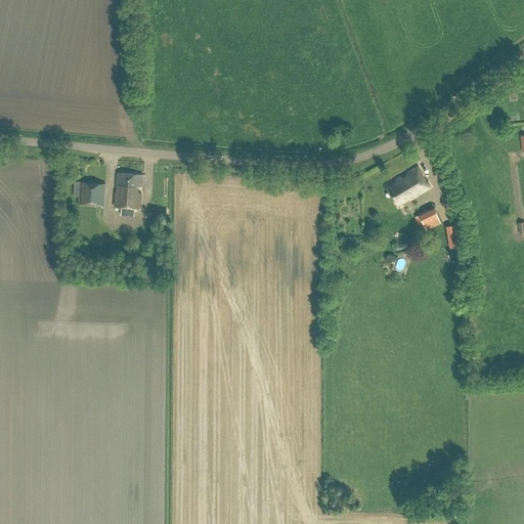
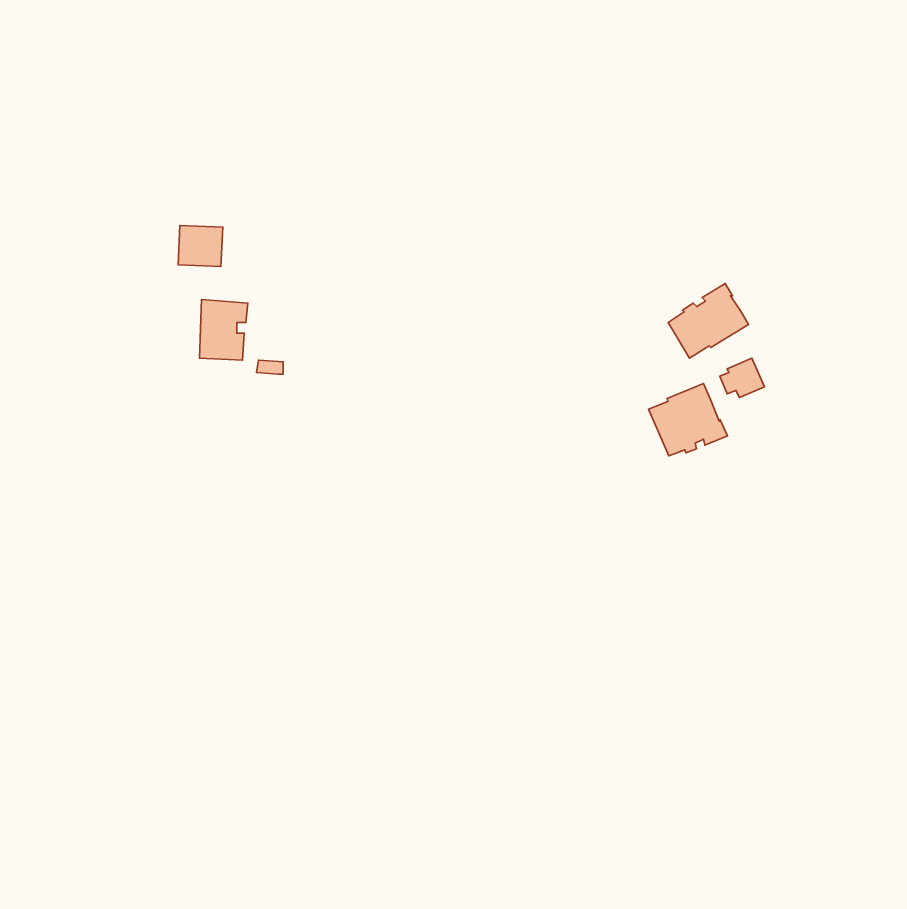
building: [79,181,104,205] -> [178,226,223,267]
building: none -> [648,383,727,456]

